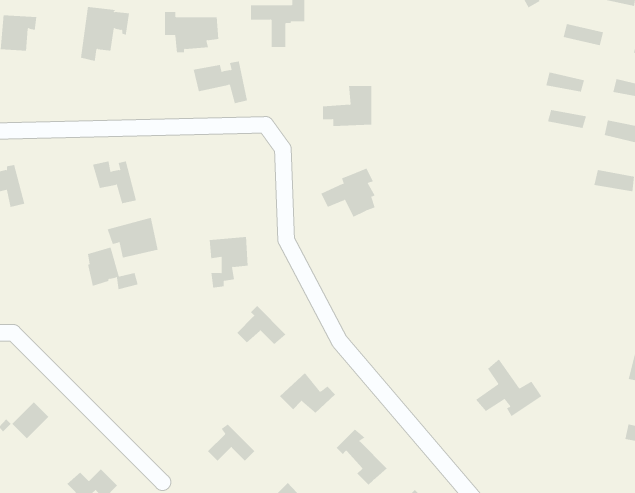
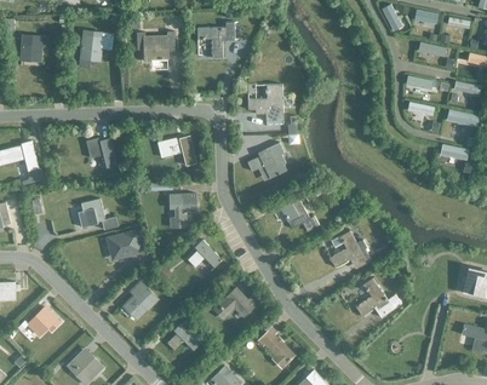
building: [193,61,248,104] -> [156,136,195,166]
building: [107,217,158,258] -> [105,229,142,258]
building: none -> [279,200,317,231]
building: none -> [330,230,367,266]
building: none -> [122,281,156,320]

